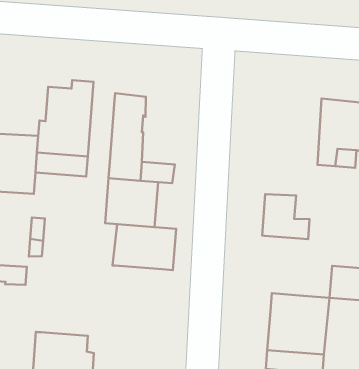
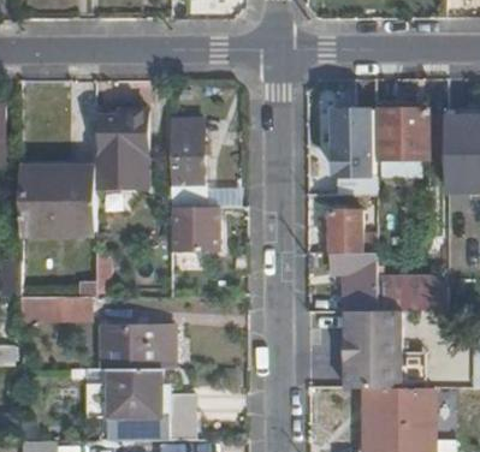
building: none -> [334,108,374,177]
building: [113,224,176,270] -> [109,325,171,367]
building: none -> [330,251,375,309]

